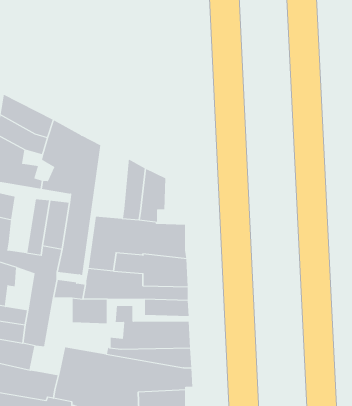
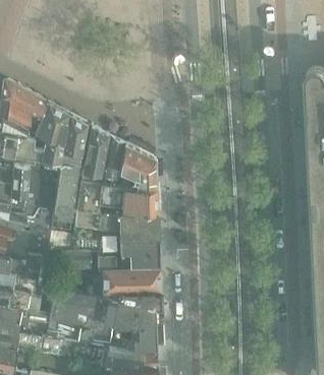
building: none -> [82,129,109,187]
building: none -> [132,153,157,192]
building: none -> [9,169,32,215]

